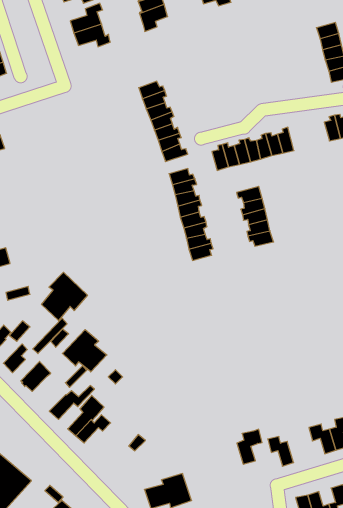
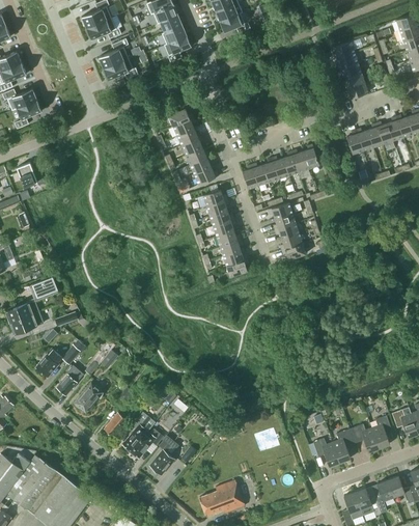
building: [42,272,87,320] -> none
building: [62,330,107,372] -> none
building: none -> [149,436,175,475]
building: [237,429,262,464] -> [332,428,356,463]

